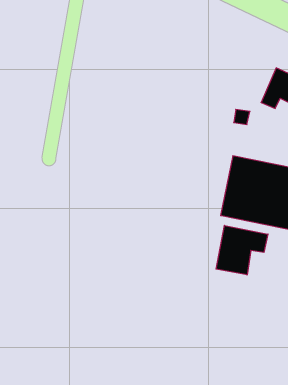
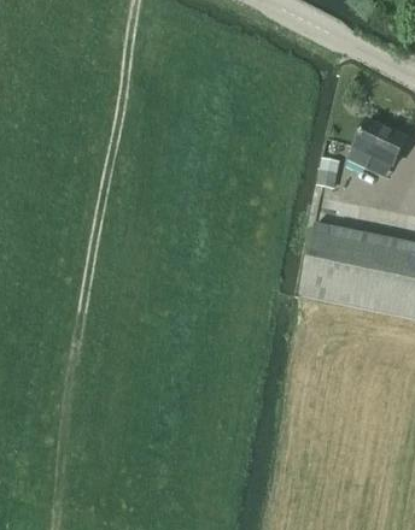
building: [216,225,268,275] -> none

